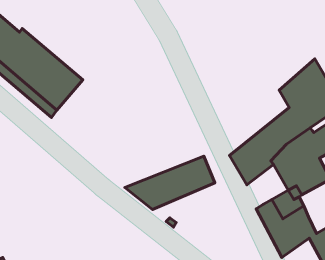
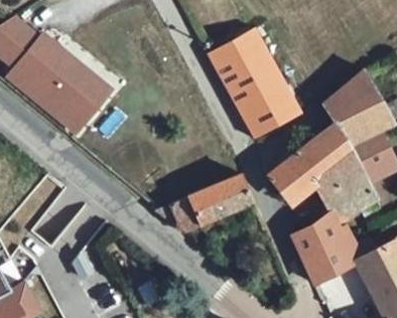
building: none -> [215,25,312,135]

